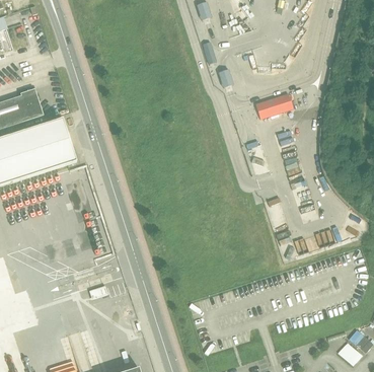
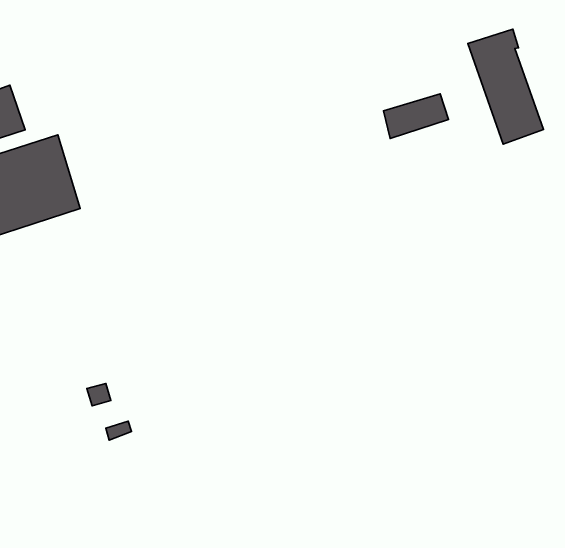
building: none -> [468,29,543,144]

